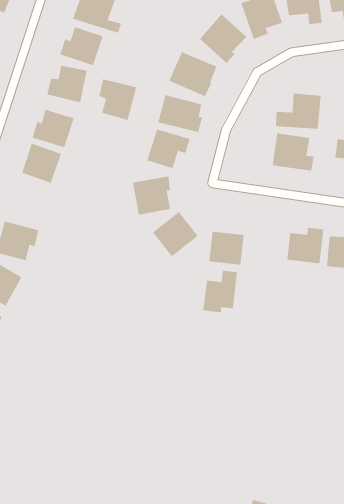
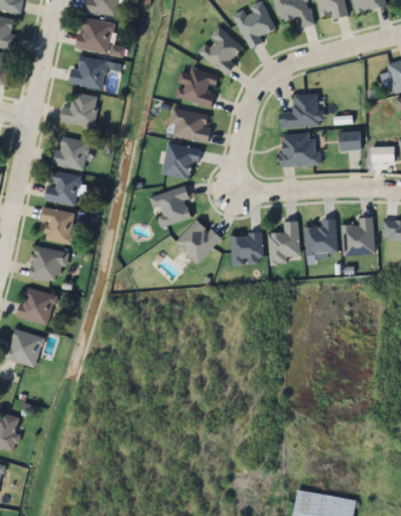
building: [99,79,137,121] -> none
building: none -> [40,207,76,243]
building: [202,270,238,313] -> [270,221,299,261]

